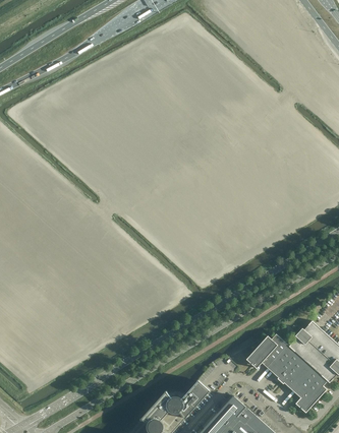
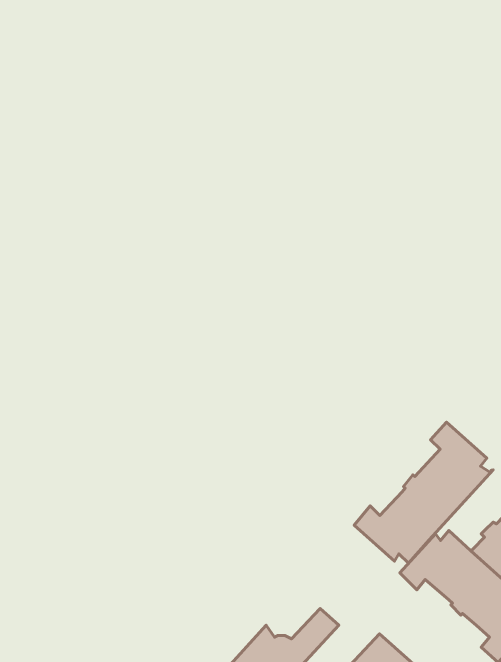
building: none -> [354,422,493,563]

